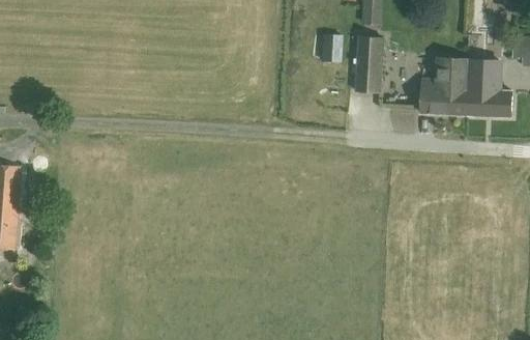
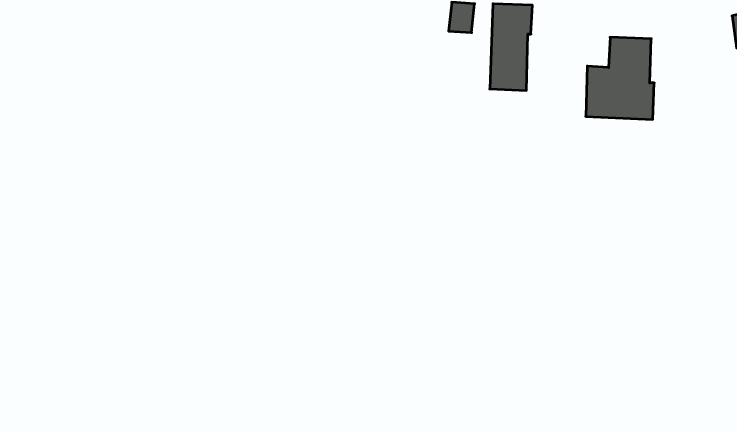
building: [465,59,512,115] -> none

